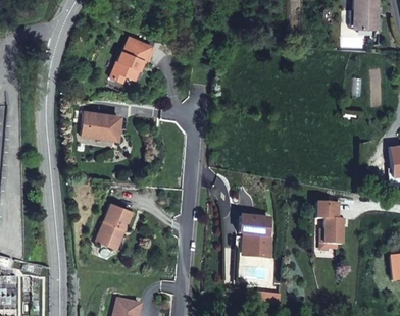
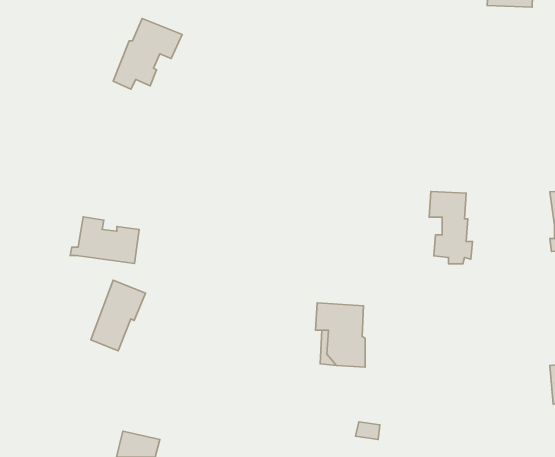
building: [77,109,120,139] -> [70,217,139,263]
building: [313,200,341,246] -> [429,192,473,264]

